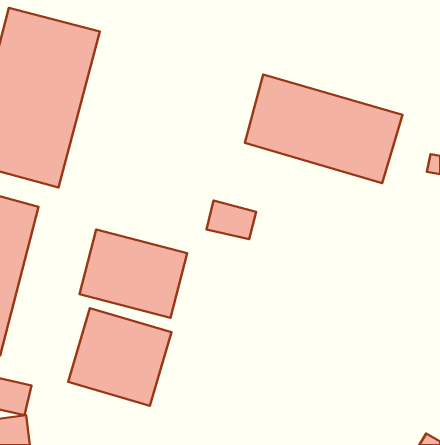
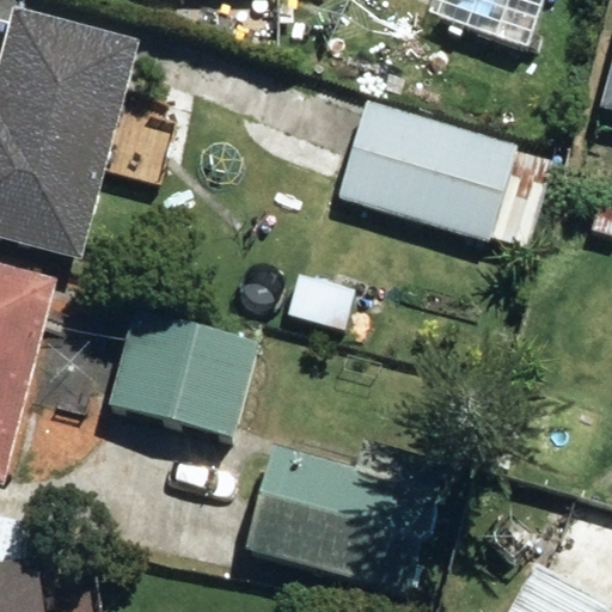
building: [68,308,172,406] -> none
building: none -> [246,441,445,594]

